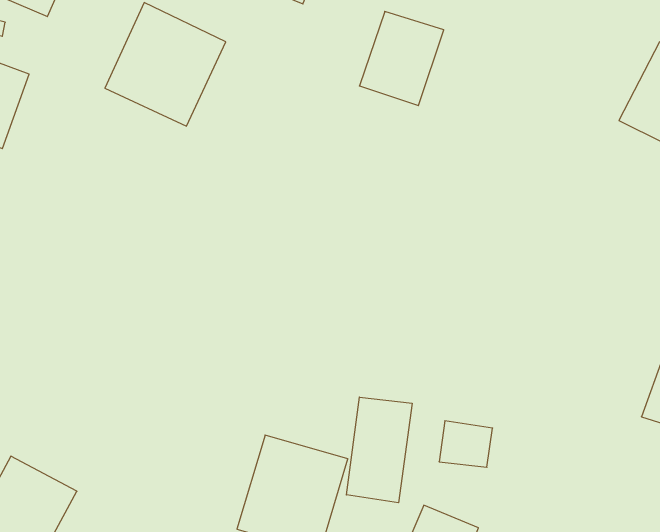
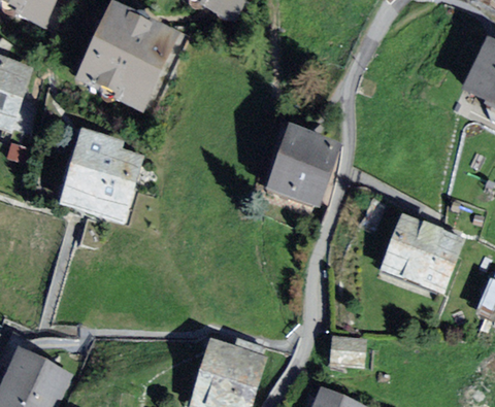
building: [359,11,444,106] -> [275,135,337,204]
building: none -> [70,141,141,211]
building: none -> [391,217,455,281]
building: [346,397,412,503] -> none

